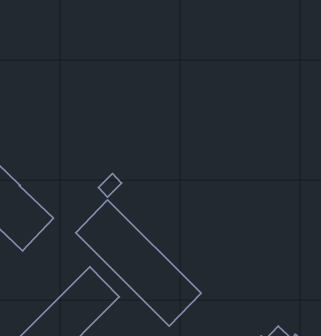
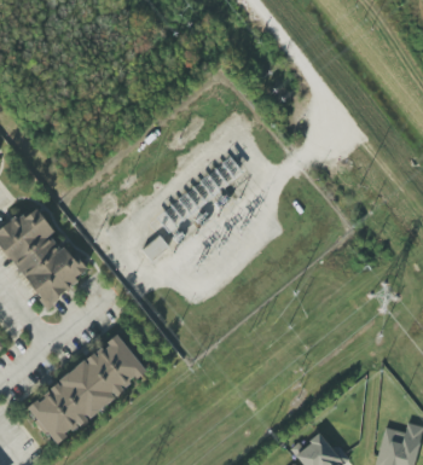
building: [76,200,201,326] -> none

